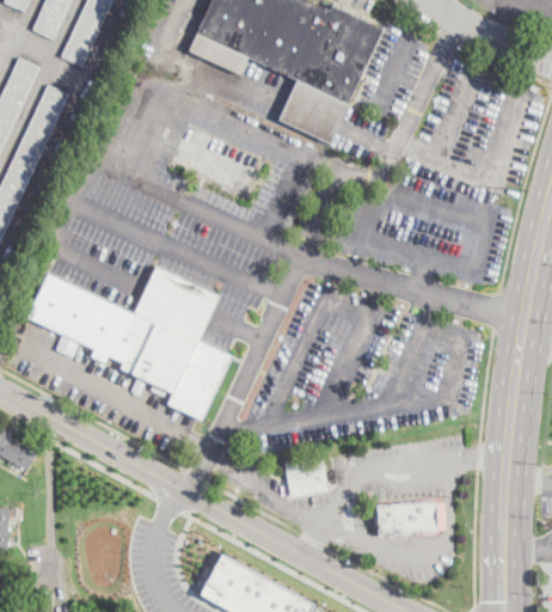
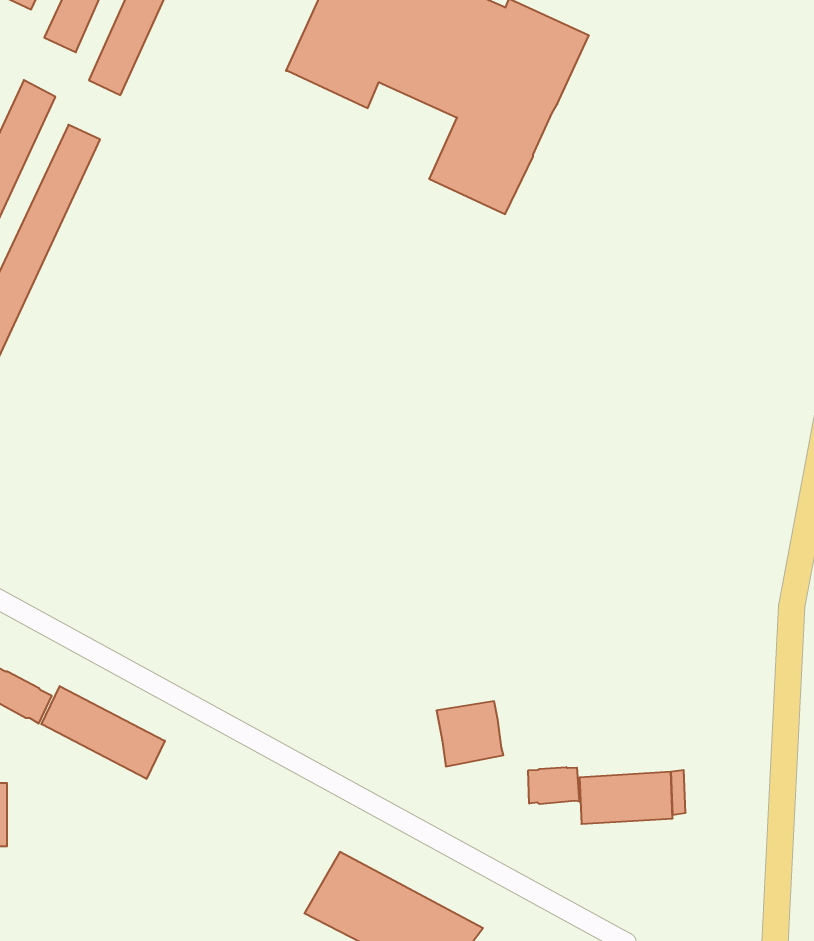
building: [27,265,232,420] -> none
building: none -> [41,686,165,779]
building: none -> [528,767,579,804]

